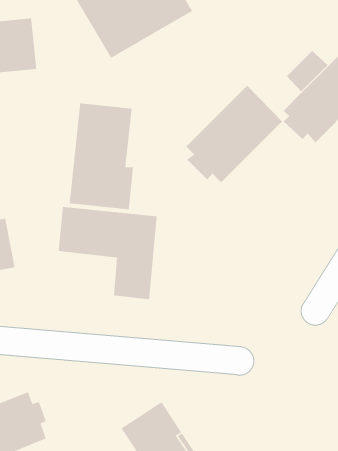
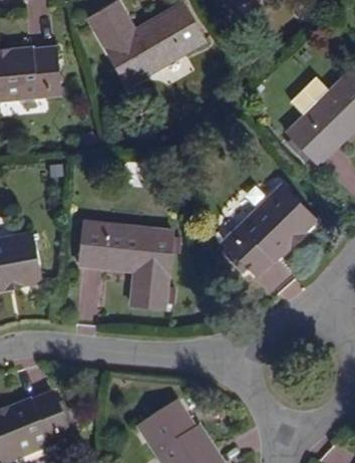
building: [186,85,283,183] -> [224,184,314,275]
building: [69,102,134,210] -> none

